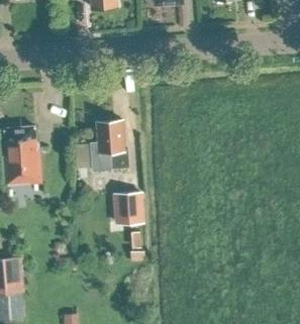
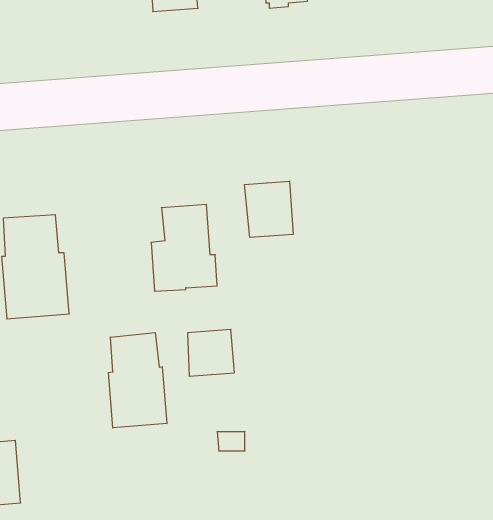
building: none -> [244,181,293,237]
building: none -> [108,333,167,428]

